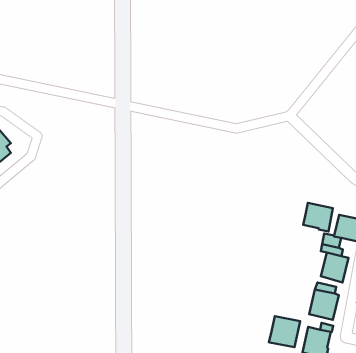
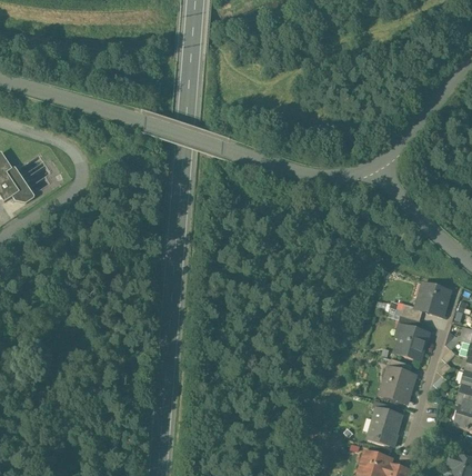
building: [303,203,333,232] -> none
building: [269,316,300,347] -> none

